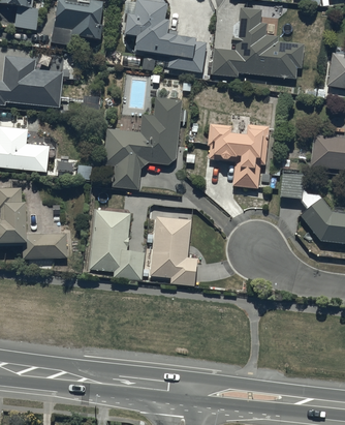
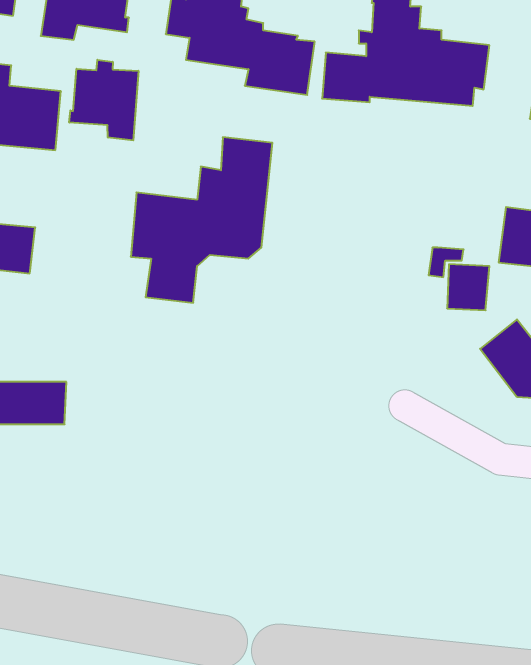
building: none -> [69,60,138,140]
building: [207,123,269,189] -> none
building: [88,209,144,280] -> none
building: [148,216,196,287] -> none

